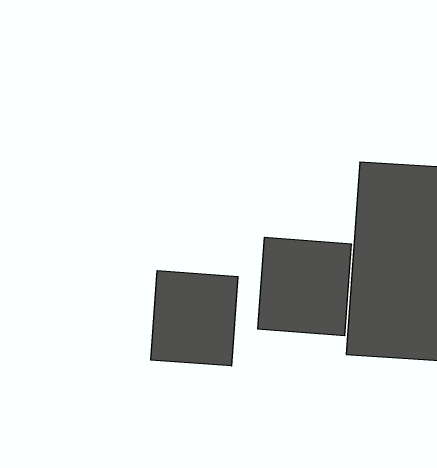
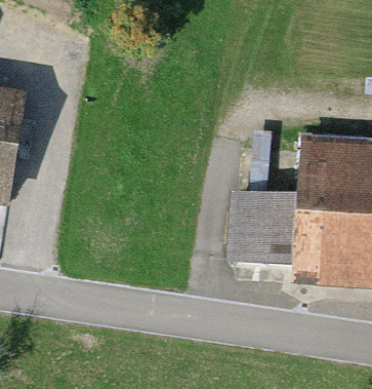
building: [151,271,238,366] -> none

